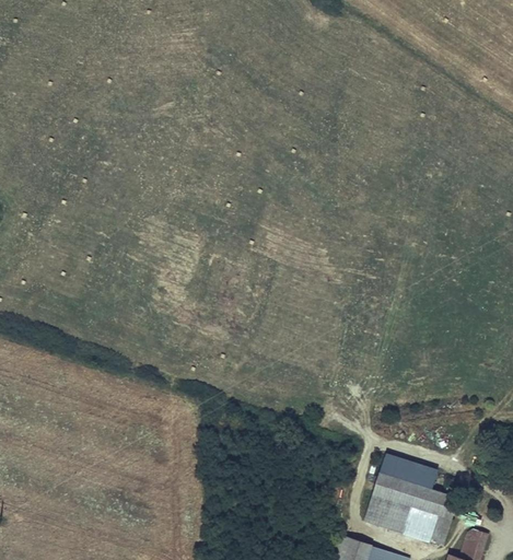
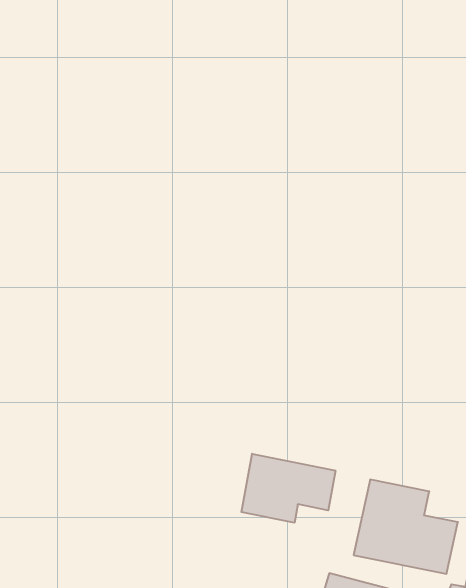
building: none -> [241,454,335,523]

